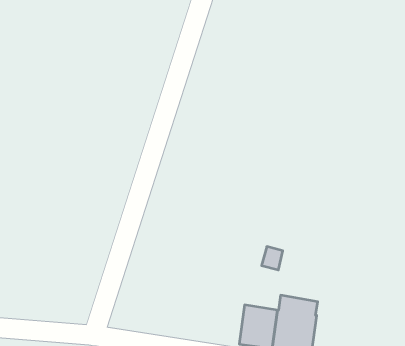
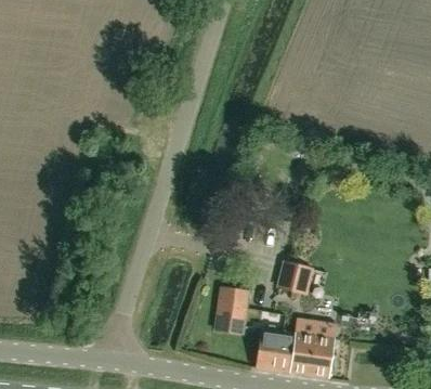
building: none -> [214,286,249,332]

